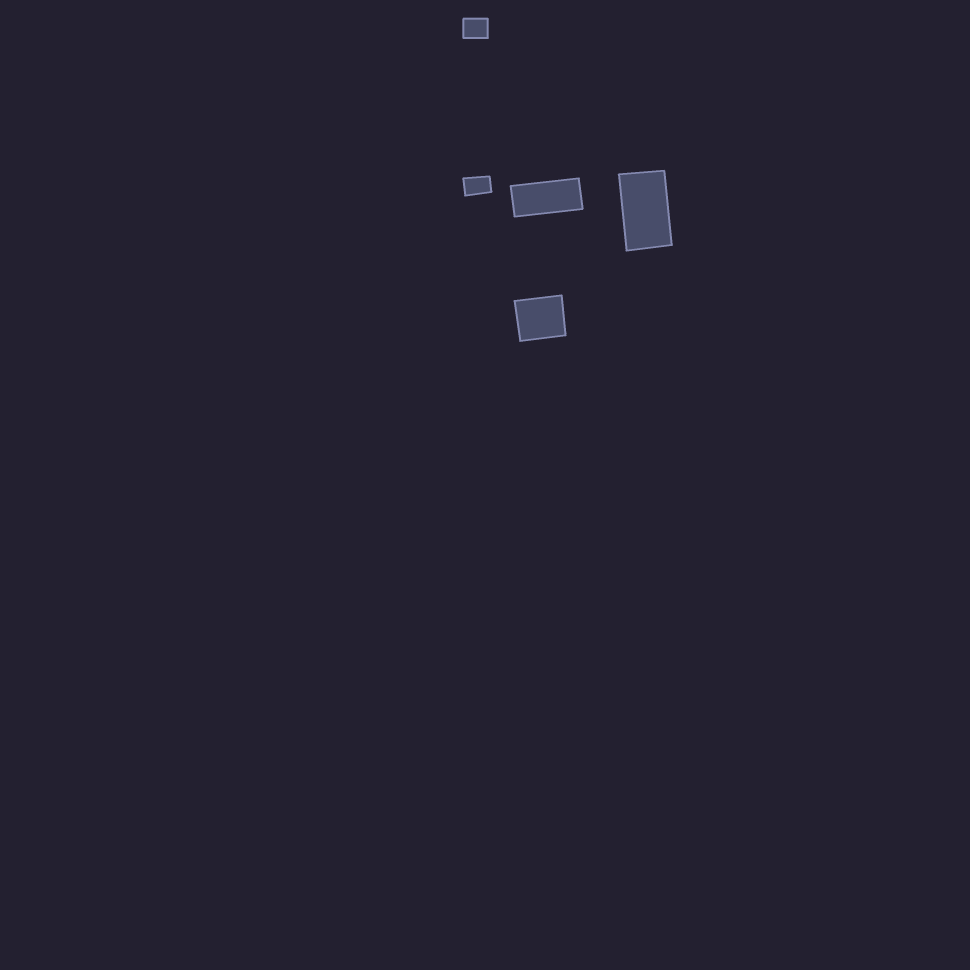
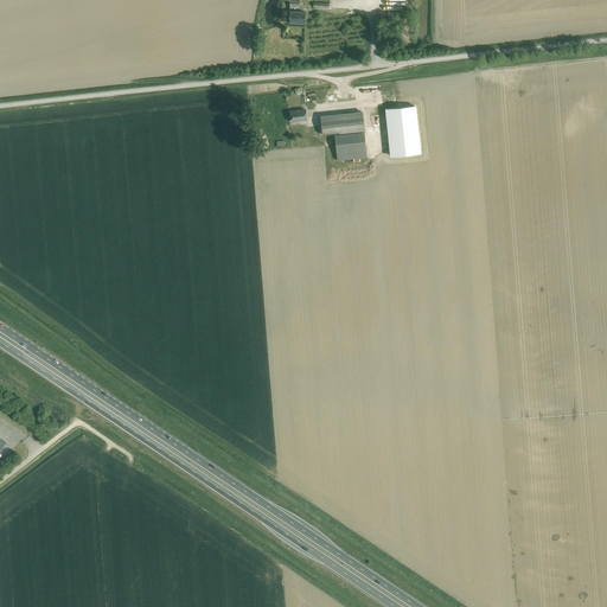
building: [514,295,566,341] -> [334,133,366,161]

